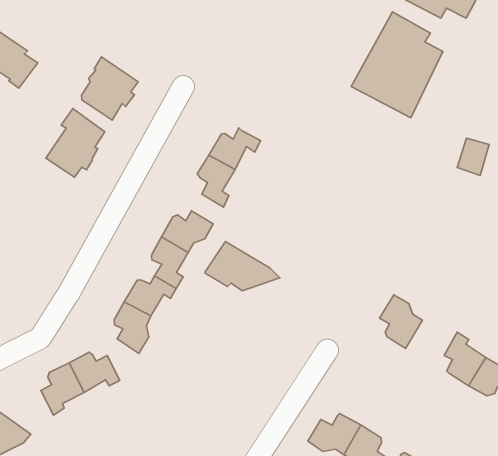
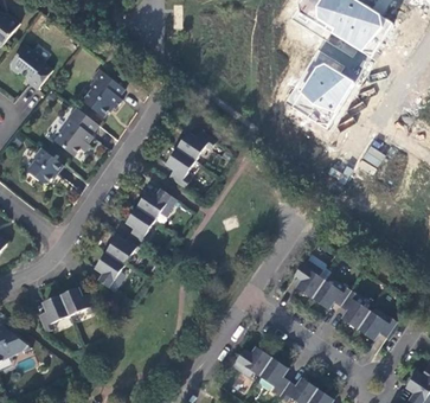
building: none -> [30,147,65,184]
building: [205,242,280,291] -> none
building: none -> [310,280,349,307]

